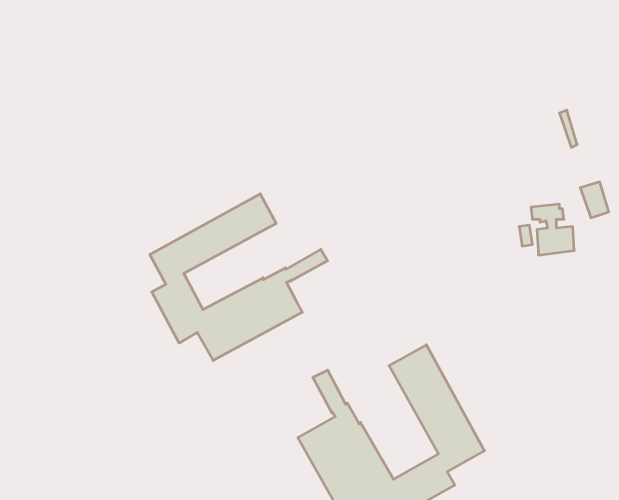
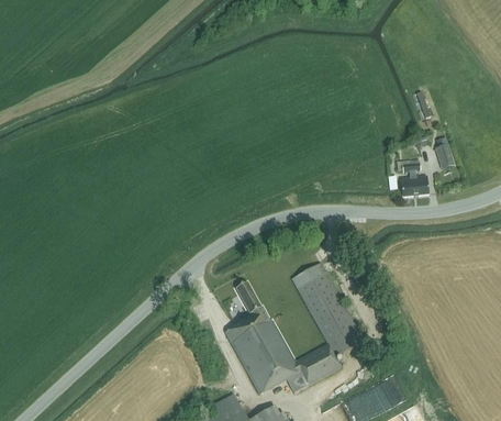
building: [150,194,328,361] -> none

